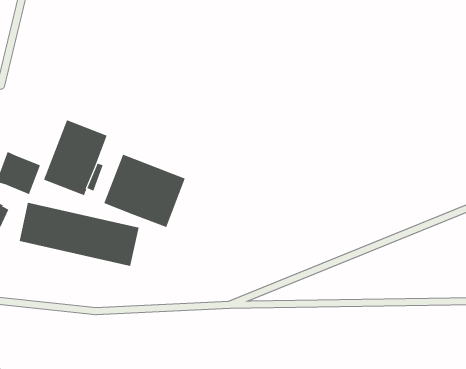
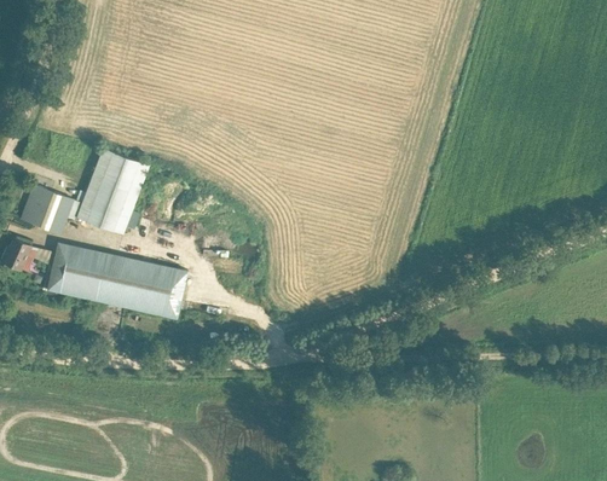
building: [104,154,186,228] -> none

